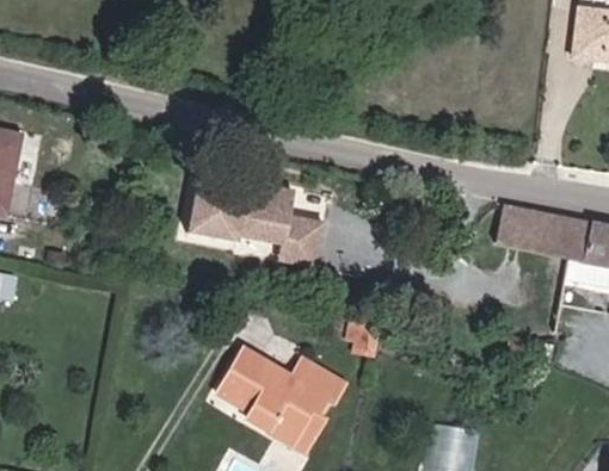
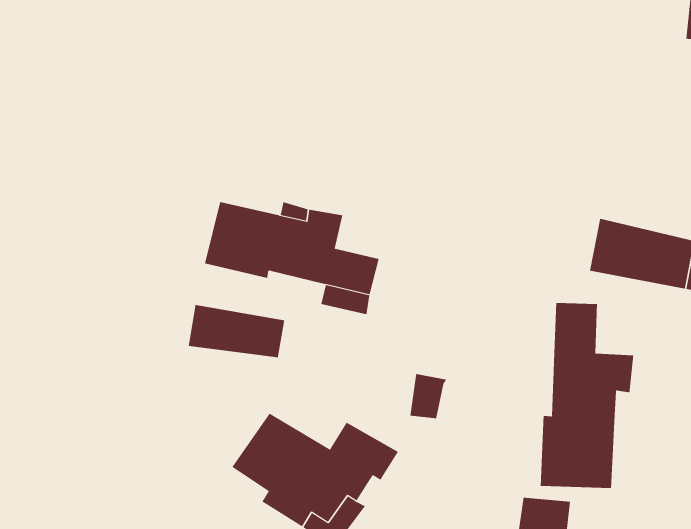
building: none -> [540,302,634,489]
building: none -> [188,304,285,358]

